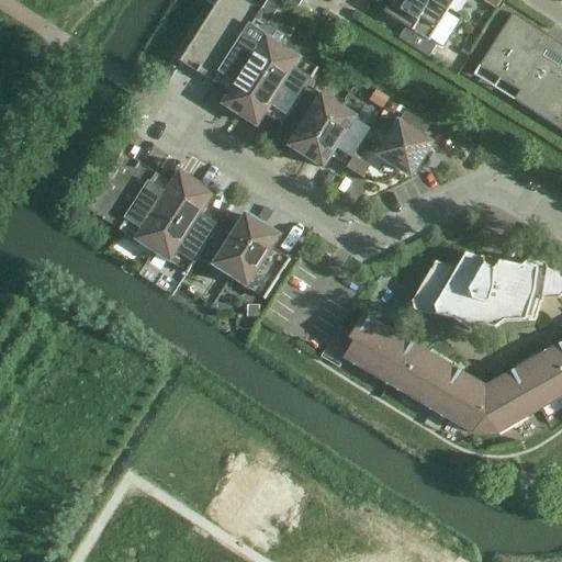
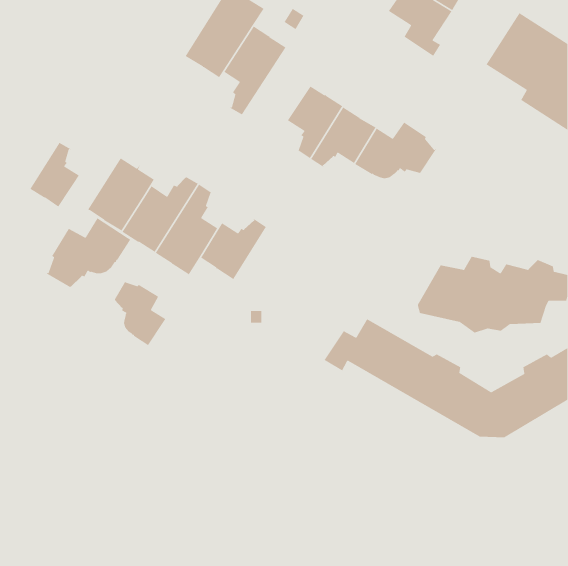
building: [239,46,317,124] -> none
building: none -> [29,142,83,208]
building: none -> [46,217,136,289]
building: [231,224,290,299] -> none
building: none -> [113,280,167,350]

